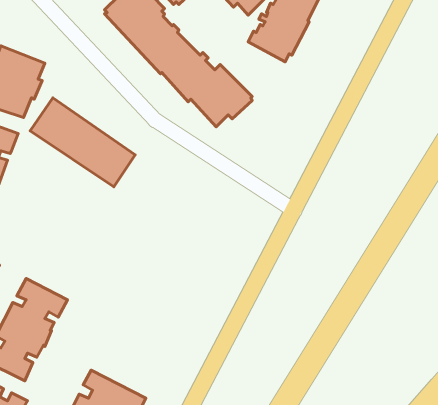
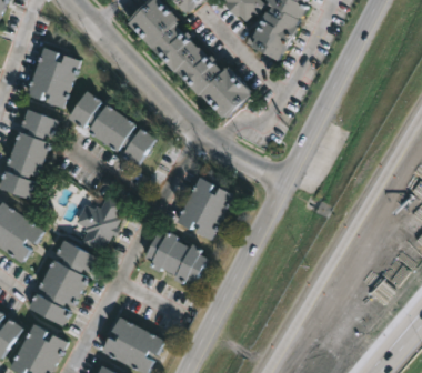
building: none -> [175,177,233,240]
building: none -> [76,194,123,251]
building: none -> [143,230,207,284]

